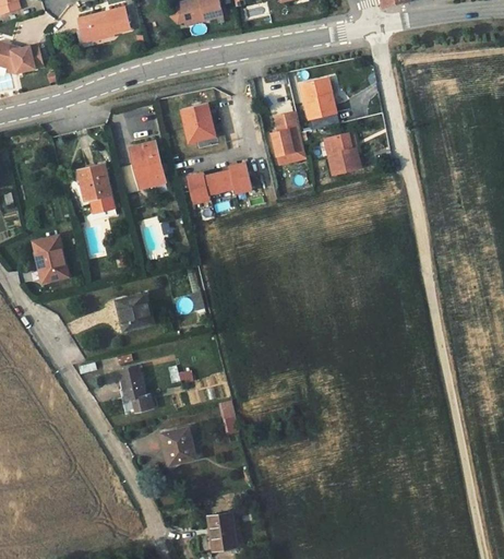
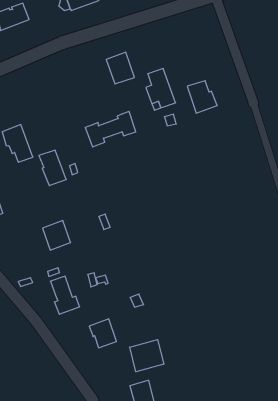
building: [300,80,336,119] -> none
building: [181,103,215,142] -> [106,52,134,84]
building: [132,142,164,187] -> [39,150,66,186]
building: none -> [130,340,164,372]

